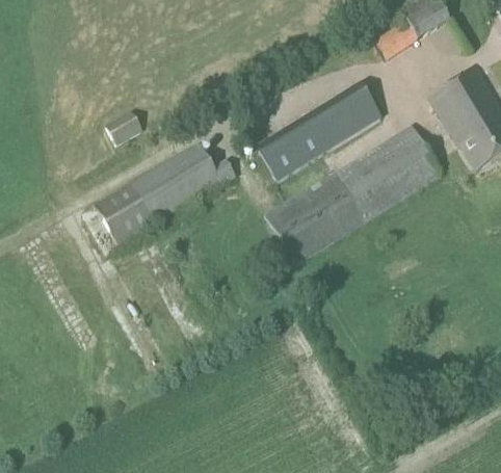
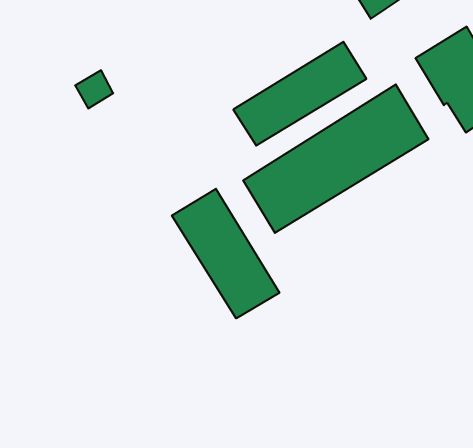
building: [95,141,238,244] -> none
building: none -> [172,189,279,318]

